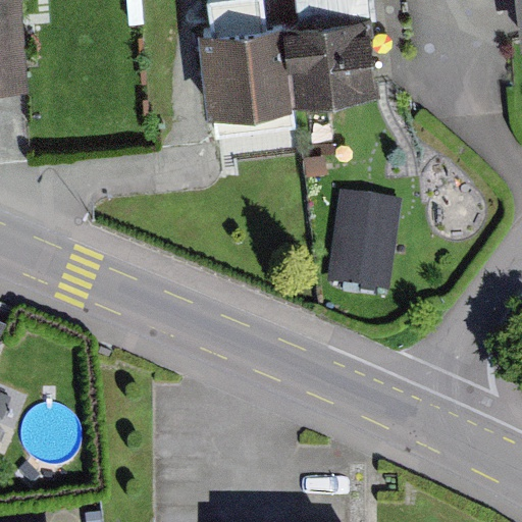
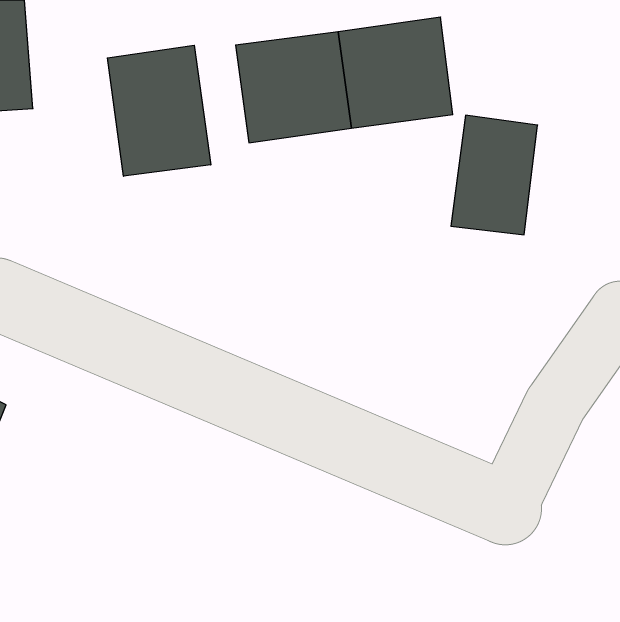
building: none -> [107,45,211,176]
building: [326,196,399,296] -> [451,115,538,235]

